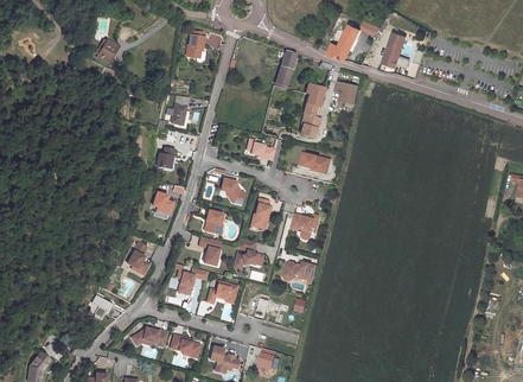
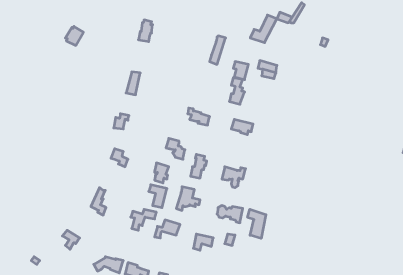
building: [382,32,409,68] -> none
building: none -> [248,209,266,238]

